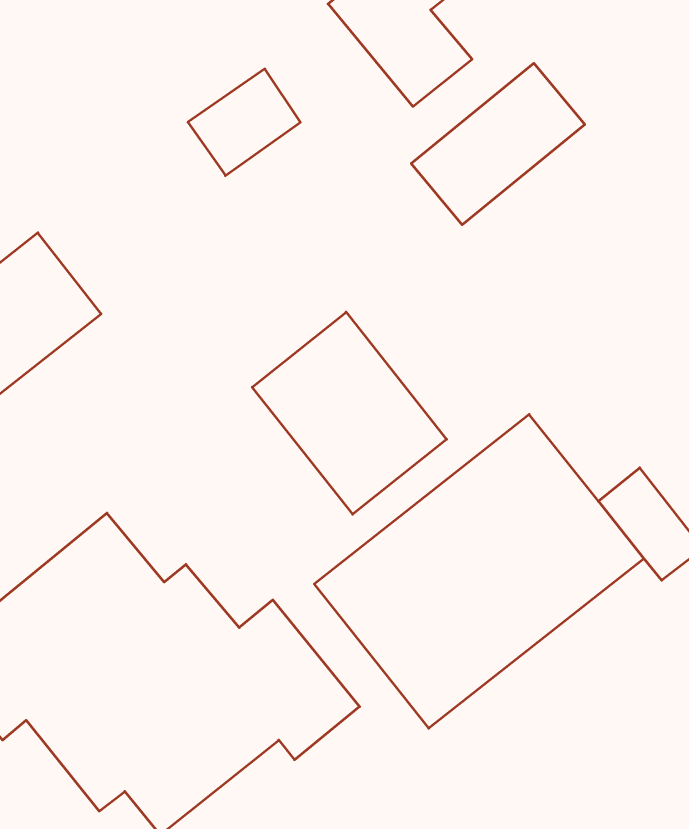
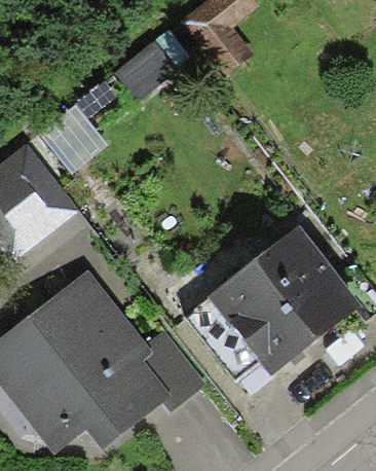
building: [411,63,585,225] -> none
building: [252,312,447,514] -> none

